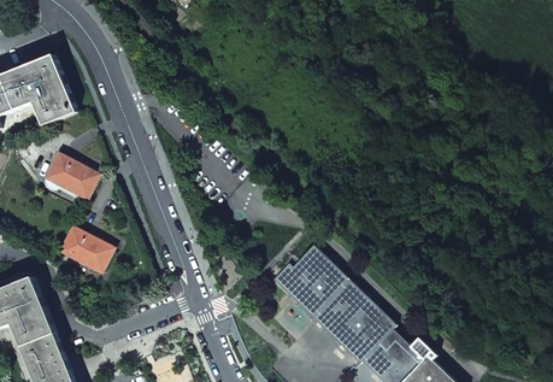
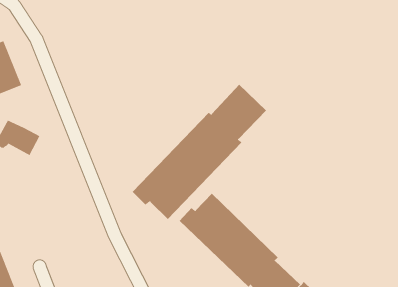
building: none -> [132,84,267,220]
building: [58,225,112,271] -> none

